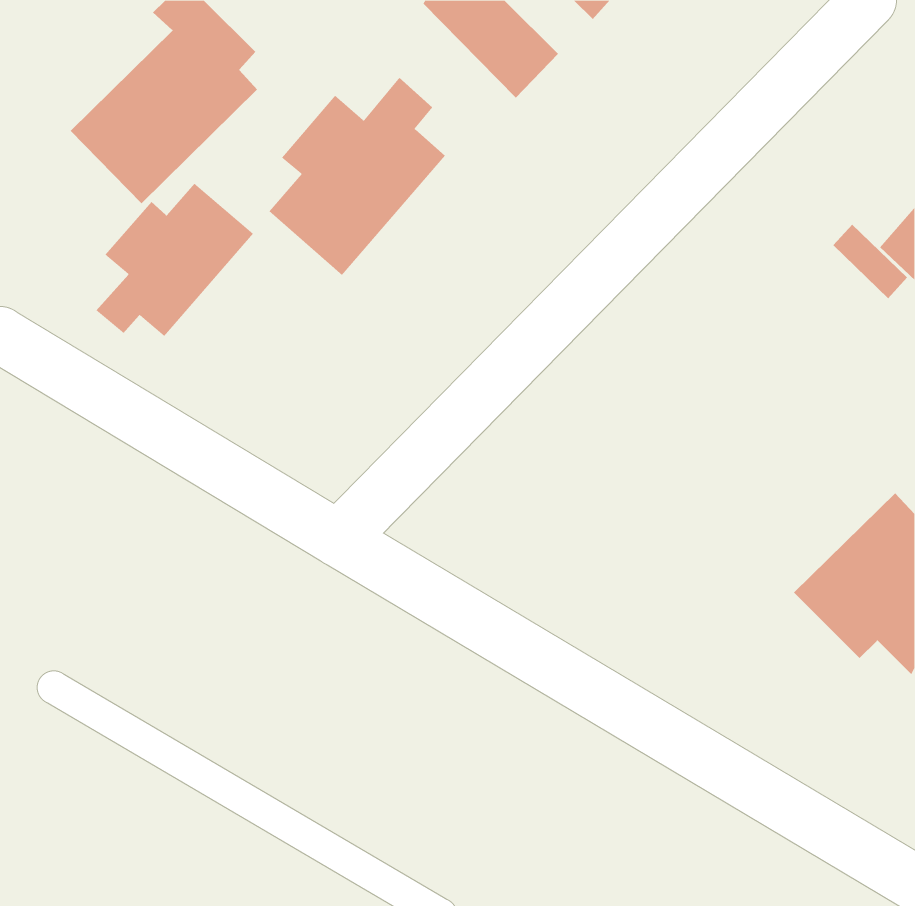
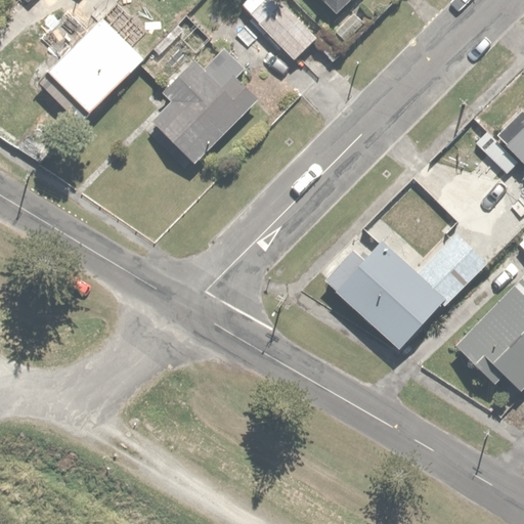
building: [95,183,254,337] -> none
building: none -> [323,228,488,351]

